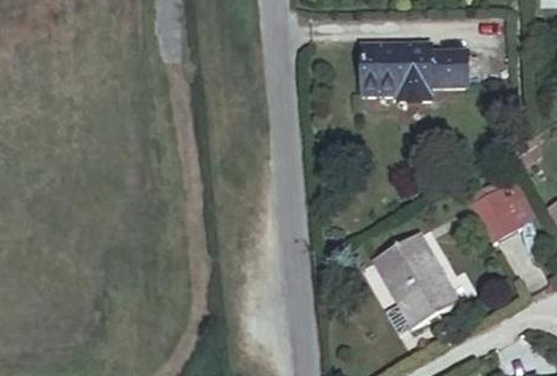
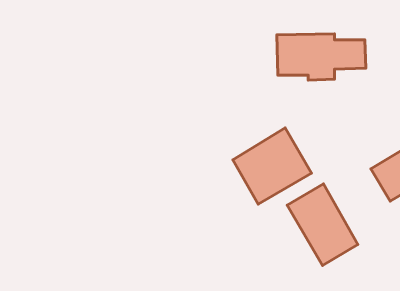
building: none -> [233,128,312,204]

